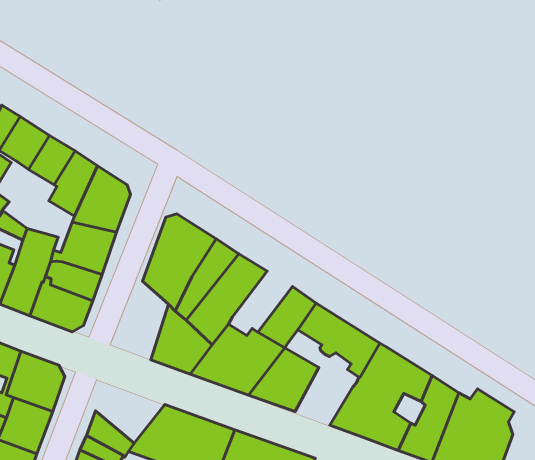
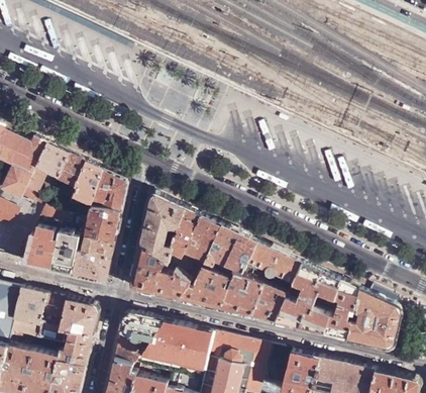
building: none -> [203,225,240,267]
building: none -> [131,242,159,294]
building: none -> [252,285,289,322]
building: none -> [120,314,166,351]

